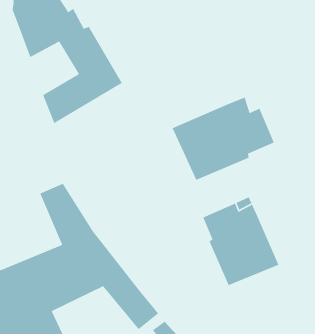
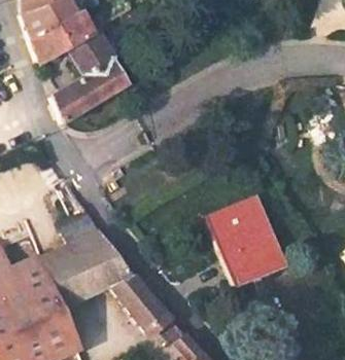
building: [171,97,275,181] -> none

